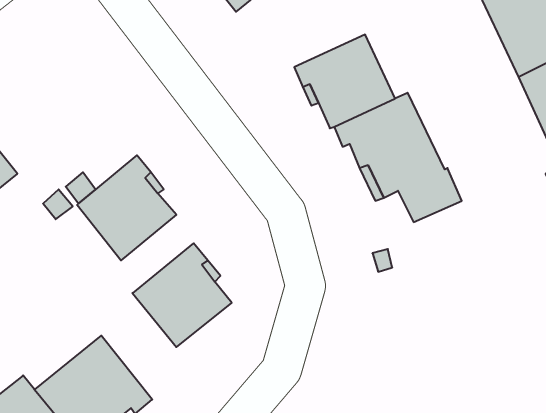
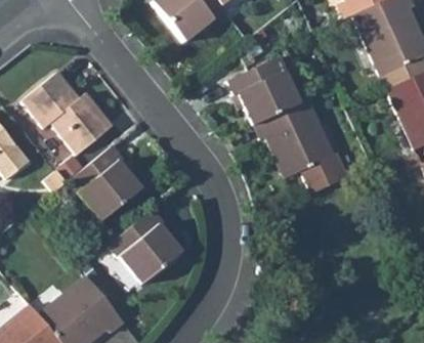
building: none -> [23,72,113,155]

